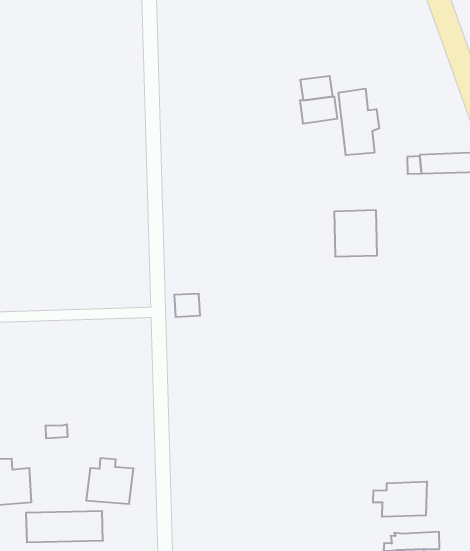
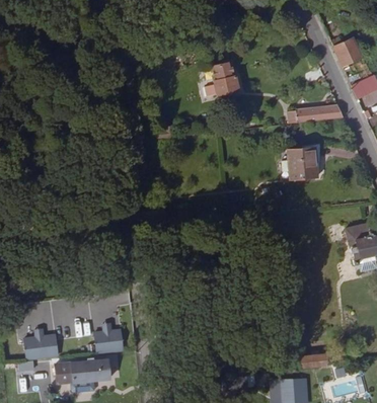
building: [338,89,379,155] -> none
building: [334,210,377,257] -> [287,147,317,179]
building: [373,481,427,517] -> none

